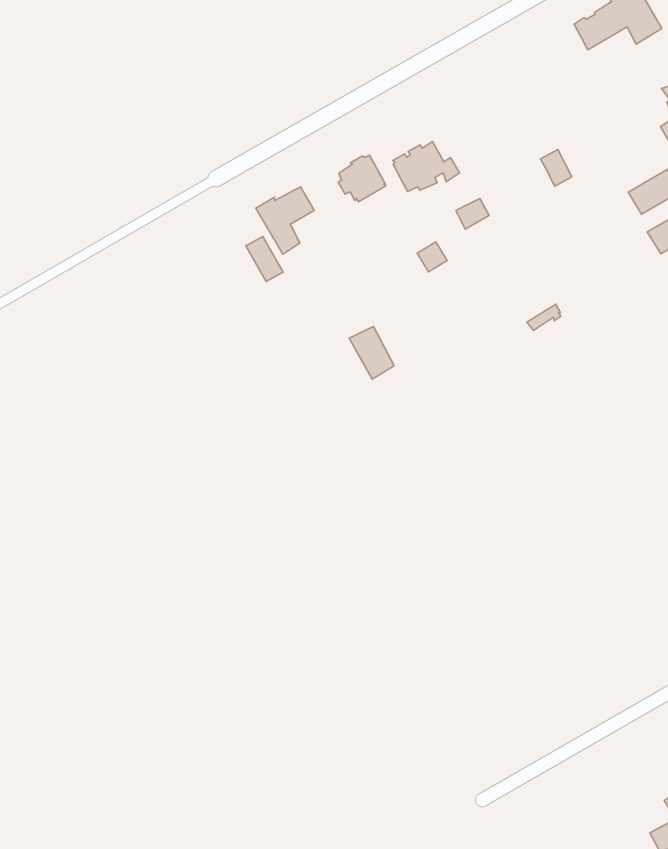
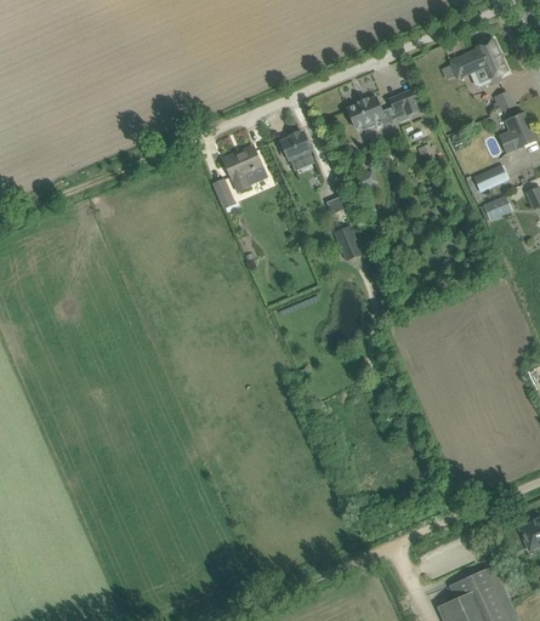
building: none -> [388,90,417,121]
building: [393,141,460,192] -> [347,97,391,129]
building: [349,326,394,379] -> [332,226,360,261]

